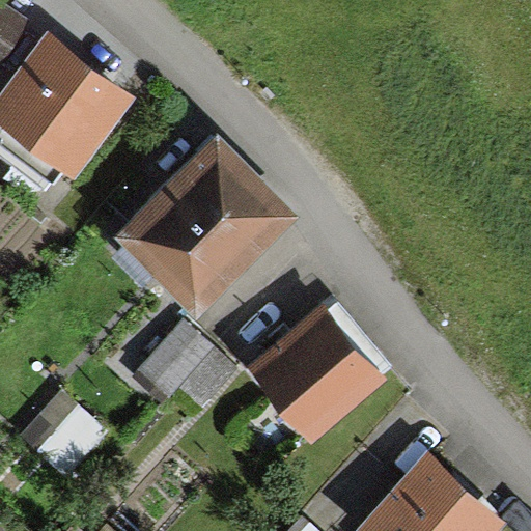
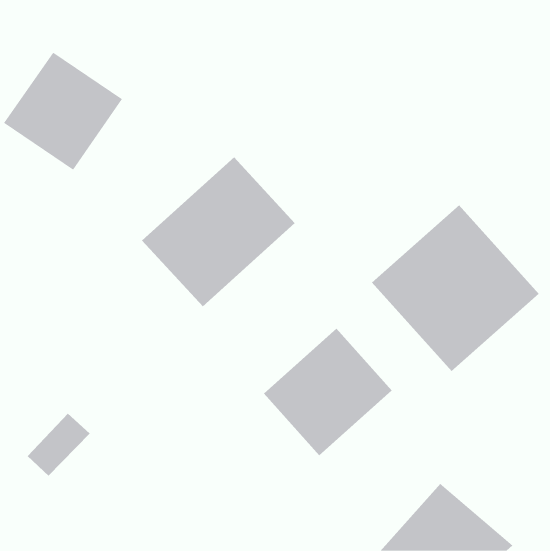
building: none -> [371,204,539,372]
building: [145,322,236,396] -> none

